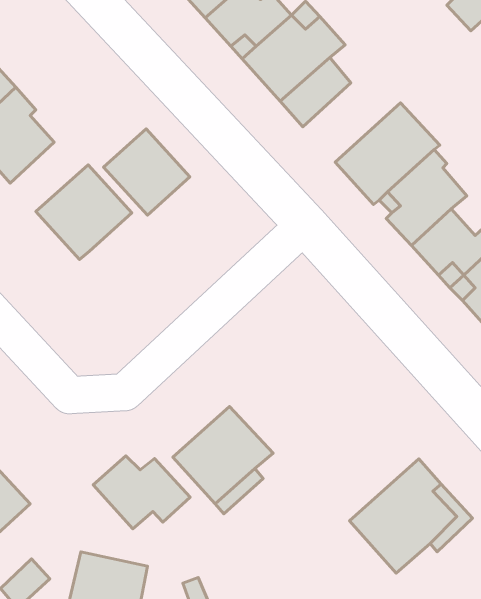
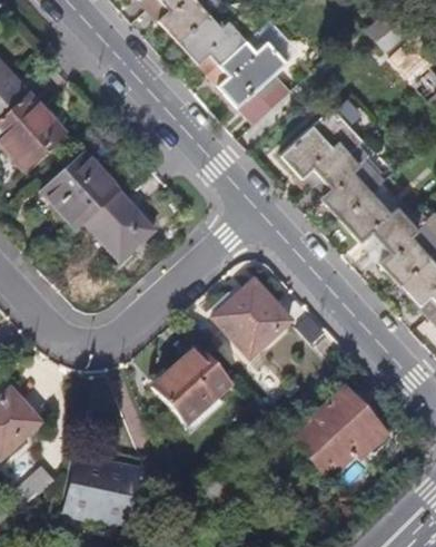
building: [104,129,190,215] -> [87,193,155,261]
building: none -> [215,279,291,356]
building: [93,456,190,529] -> none

